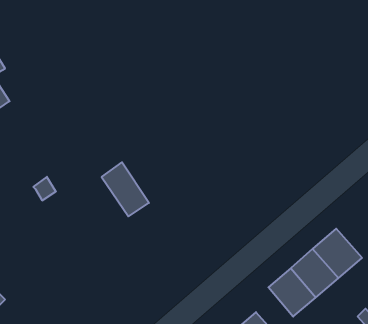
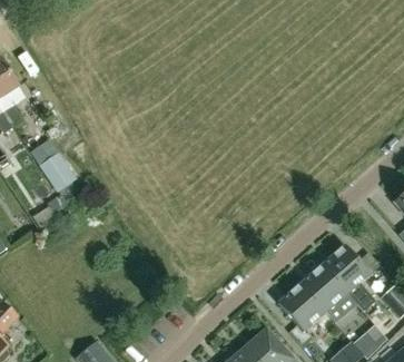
building: [102,162,149,216] -> [29,138,76,192]

